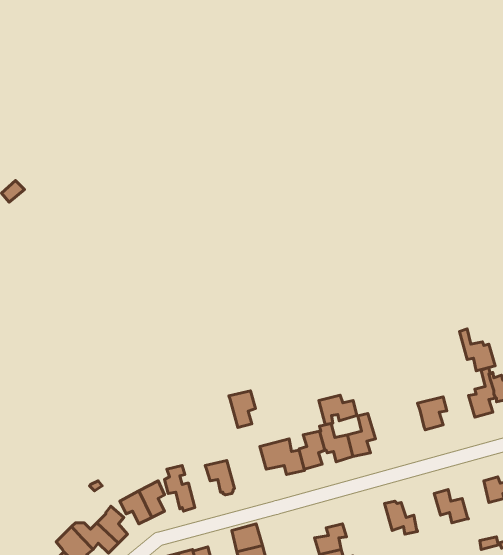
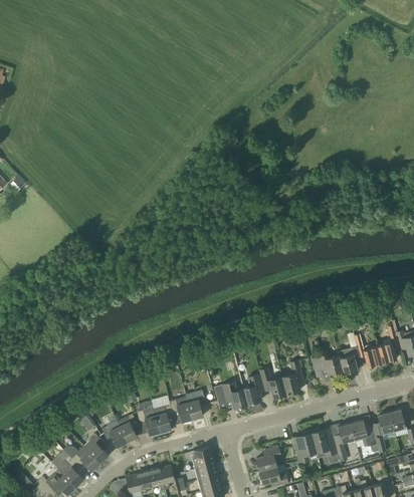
building: [460,329,495,371] -> [354,334,382,367]
building: [229,391,256,428] -> [185,391,206,420]
building: [319,395,357,425] -> [312,354,342,378]
building: none -> [153,405,174,435]
building: none -> [372,414,393,453]
building: none -> [333,424,355,452]
building: none -> [294,432,317,464]

